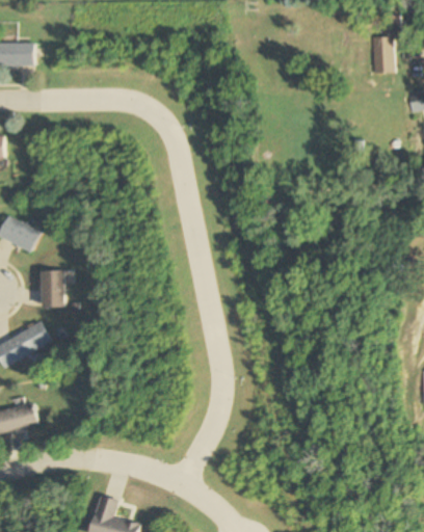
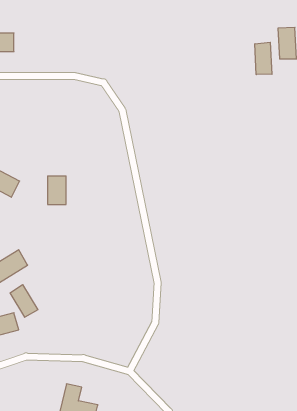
building: none -> [255,42,272,75]
building: [39,271,63,308] -> [48,176,66,204]
building: none -> [10,285,38,317]

